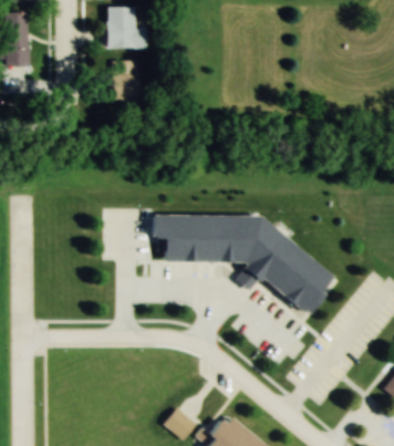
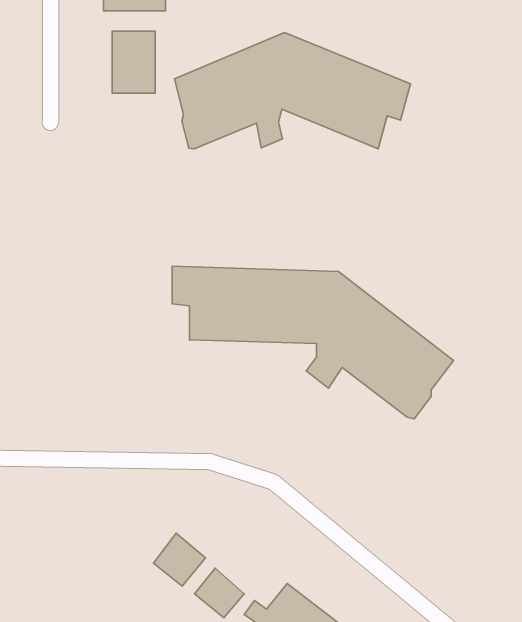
building: none -> [175,32,410,149]
building: none -> [153,533,205,586]

